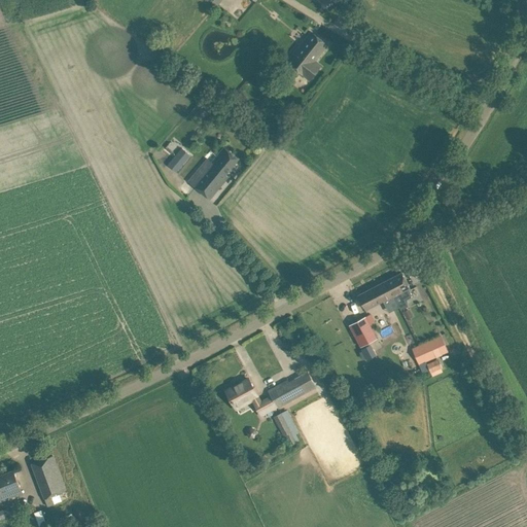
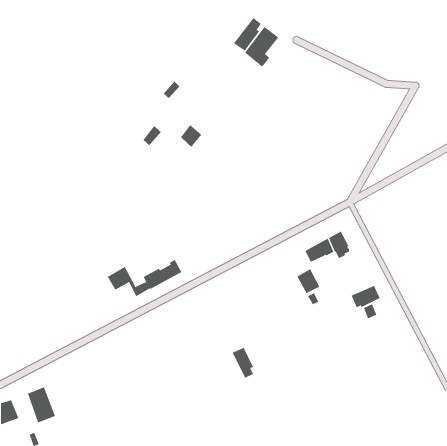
building: none -> [233,17,262,51]
building: [188,159,229,200] -> none
building: [226,371,315,415] -> [107,259,182,297]

